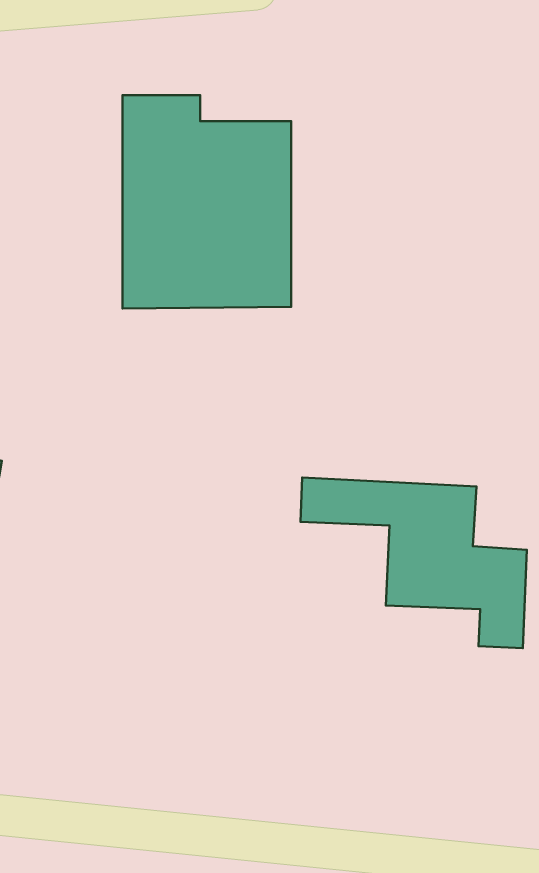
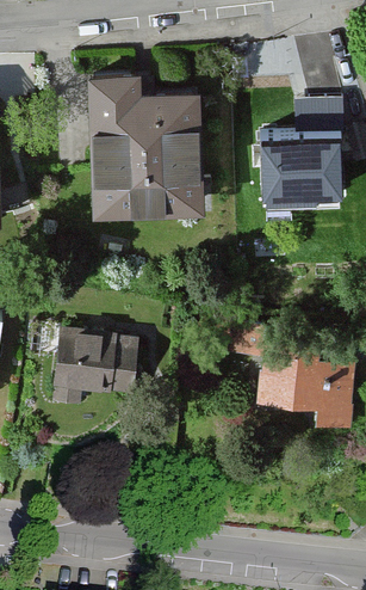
building: none -> [260,96,348,203]
building: none -> [38,337,145,413]

